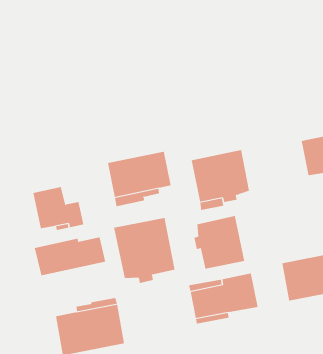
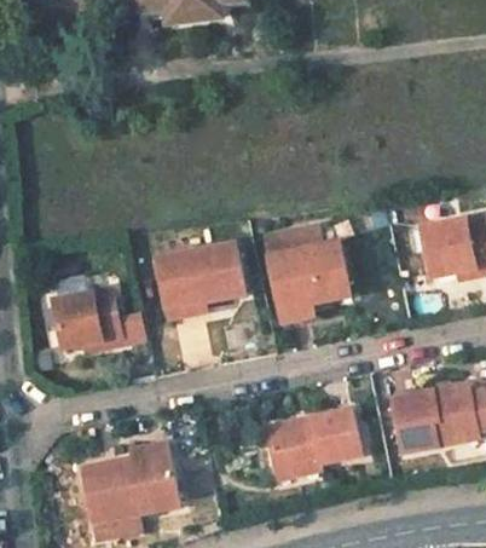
building: [194,215,245,270] -> none
building: [114,217,175,284] -> none
building: [34,237,106,276] -> none

